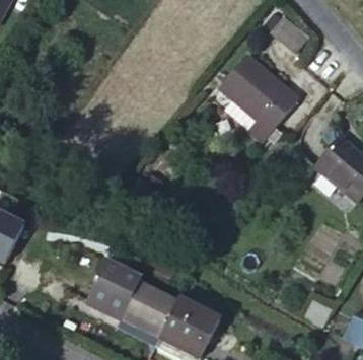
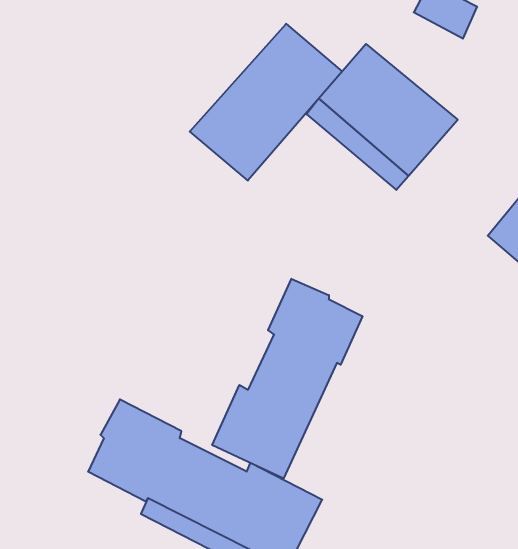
building: none -> [190,24,342,181]
building: none -> [212,279,362,478]

